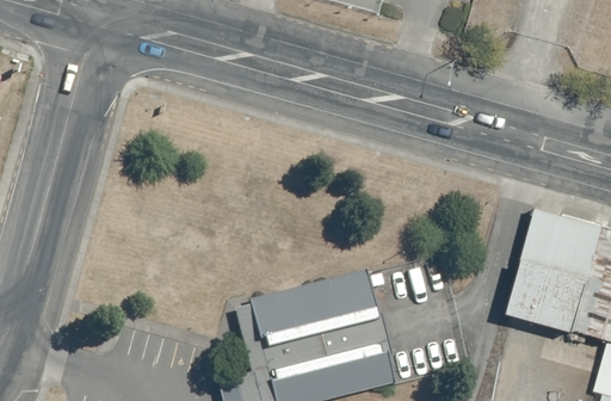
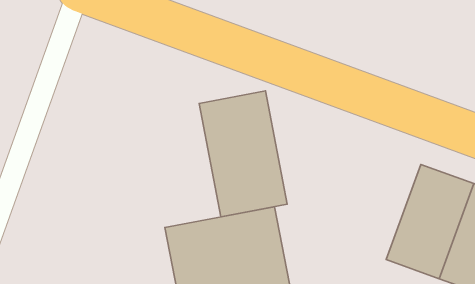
building: none -> [199,91,287,217]

